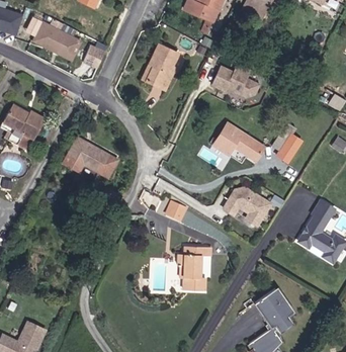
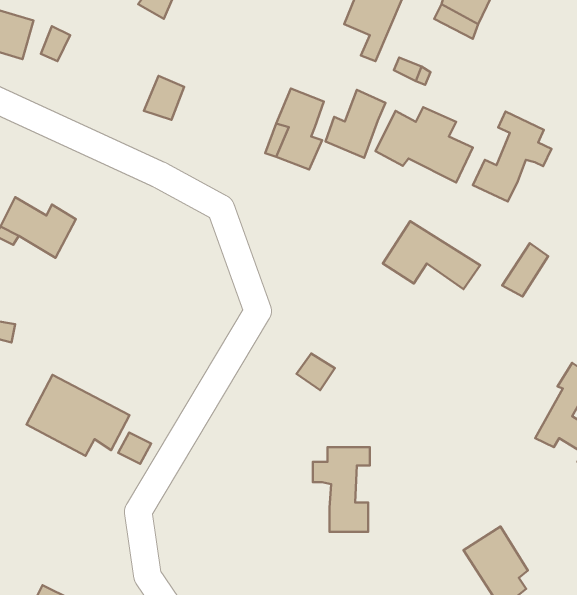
building: [35,26,81,57] -> none
building: none -> [326,90,386,158]
building: none -> [473,112,551,202]
building: [62,138,118,182] -> [27,375,130,456]
building: [222,180,274,226] -> none

